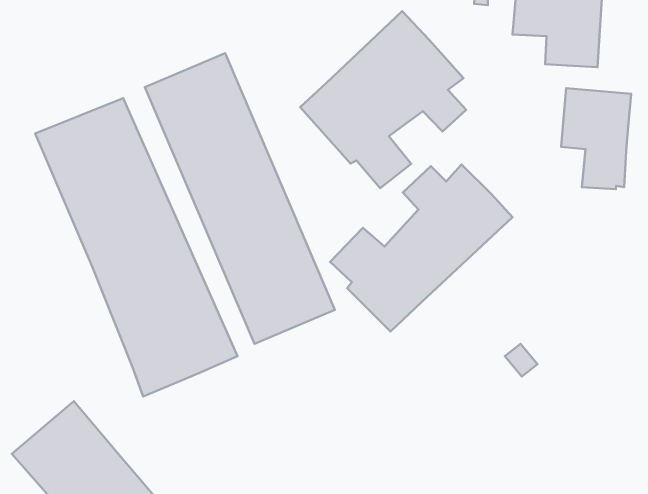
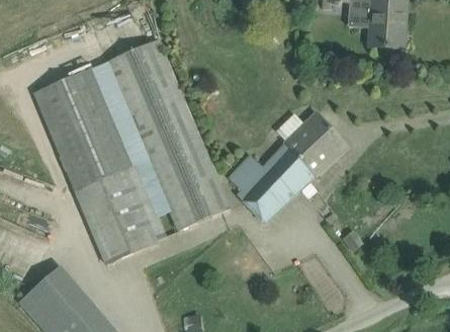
building: [300,11,466,188] -> none
building: [561,88,631,189] -> none

